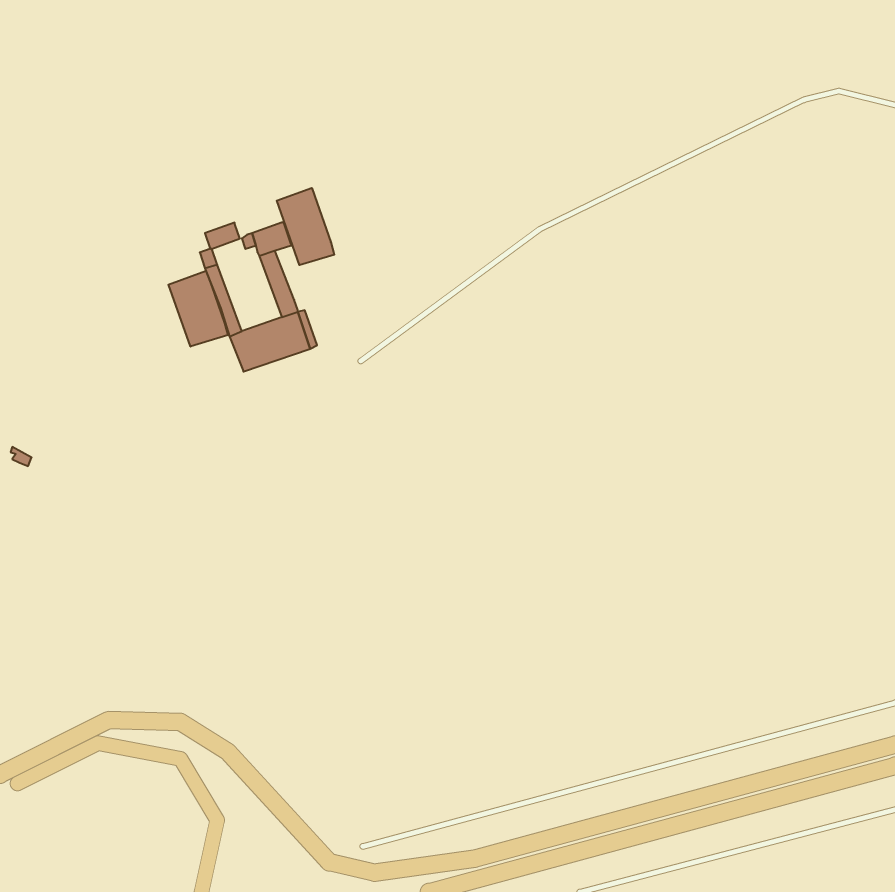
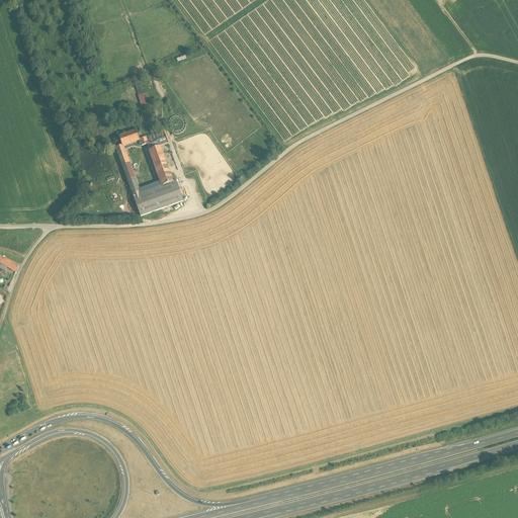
building: [277,188,334,265] -> none
building: [168,271,228,347] -> none

